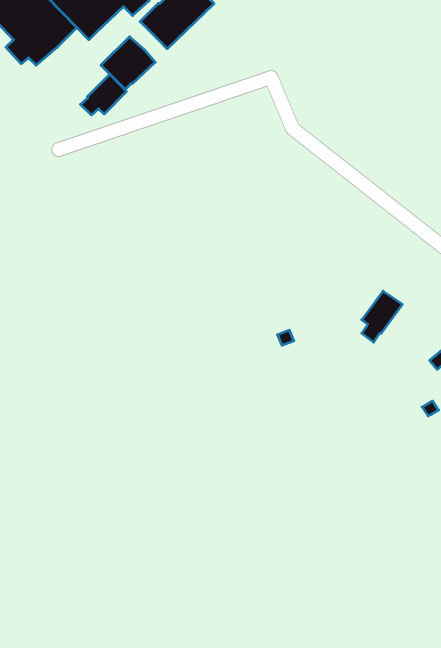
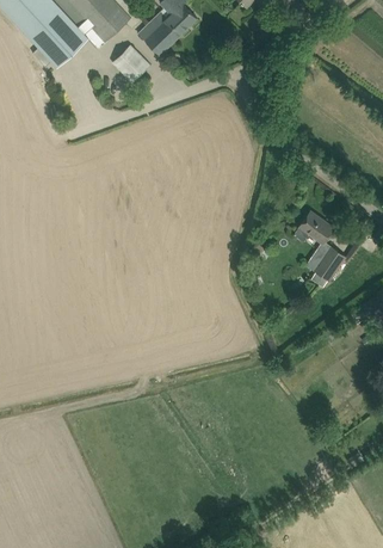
building: [80,74,126,115] -> none
building: none -> [295,210,334,244]

